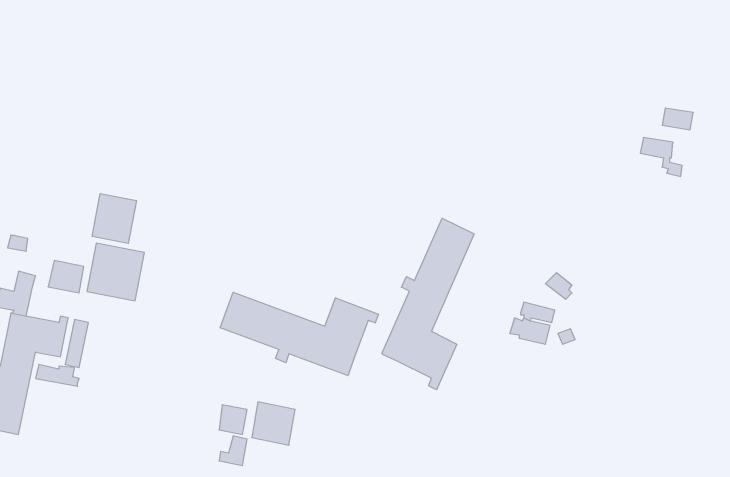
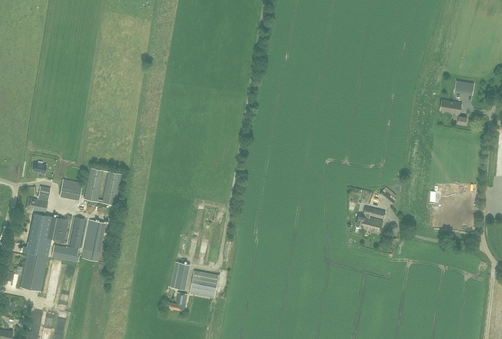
building: [92,194,137,243] -> none
building: [382,218,474,390] -> none
building: [220,292,378,376] -> none
building: none -> [82,219,105,260]

